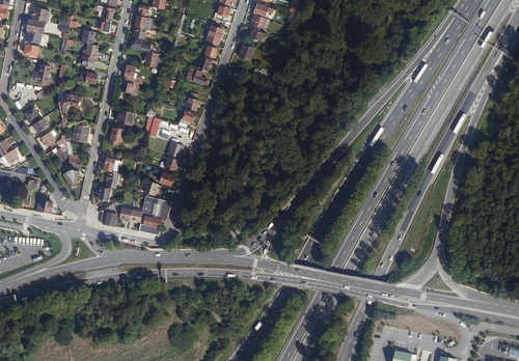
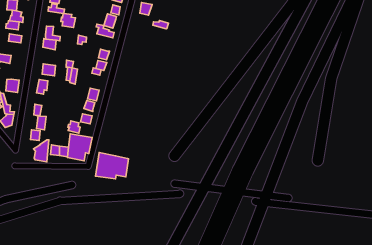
building: none -> [95,153,128,179]

